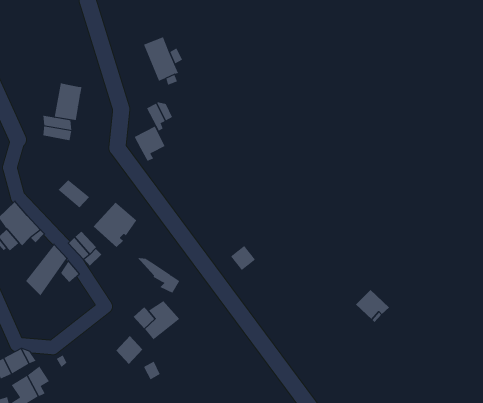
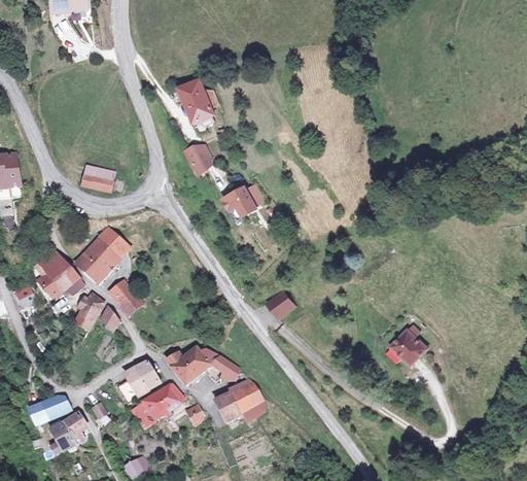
building: [54,83,82,121] -> none
building: [134,126,166,162] -> [220,188,252,225]
building: [93,202,137,248] -> [73,235,117,281]
building: [137,258,180,293] -> [202,346,245,382]
building: none -> [118,360,159,406]
building: none -> [210,383,258,424]
building: none -> [134,392,167,432]

